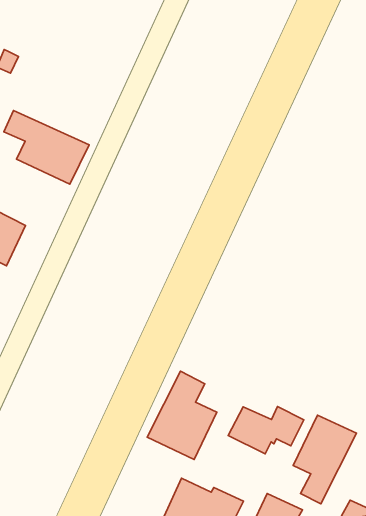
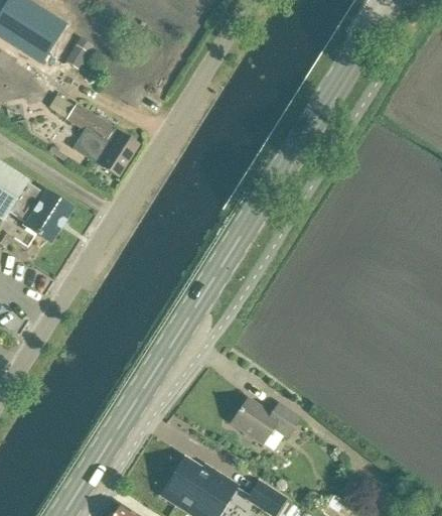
building: [147,371,217,459] -> none
building: [293,415,357,504] -> none

